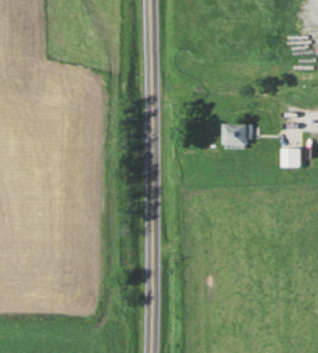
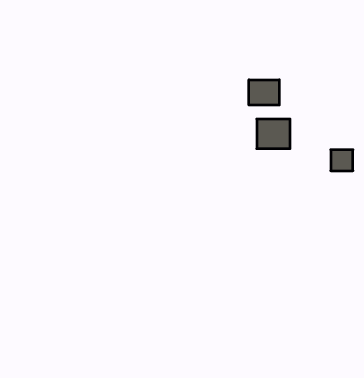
building: none -> [249,80,279,105]

